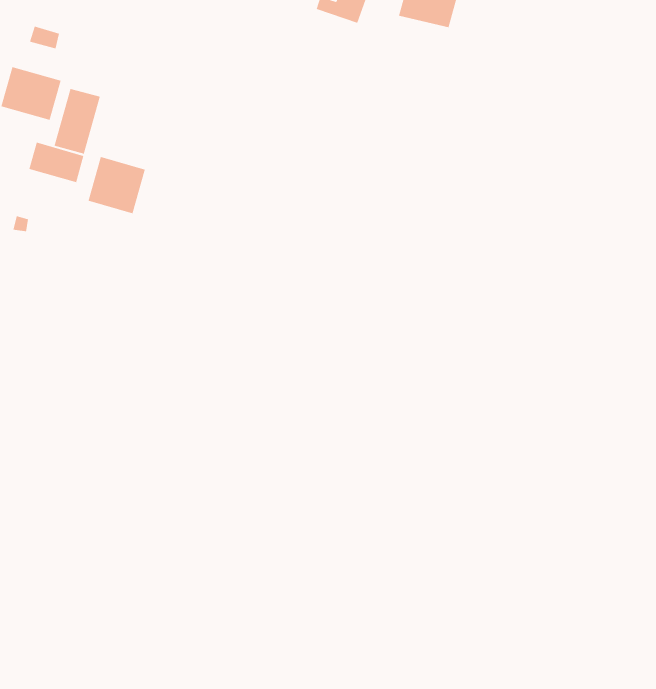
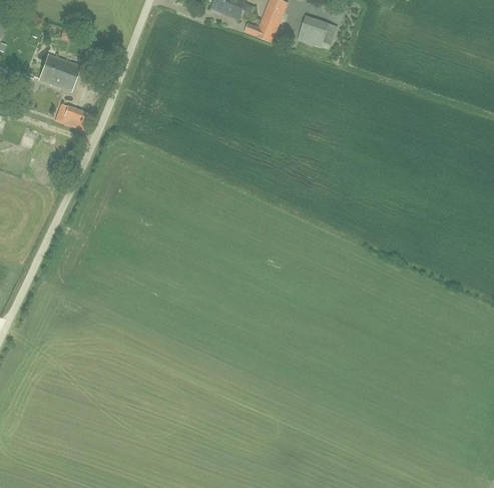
building: [54,88,100,154] -> none
building: [88,156,146,214] -> none

